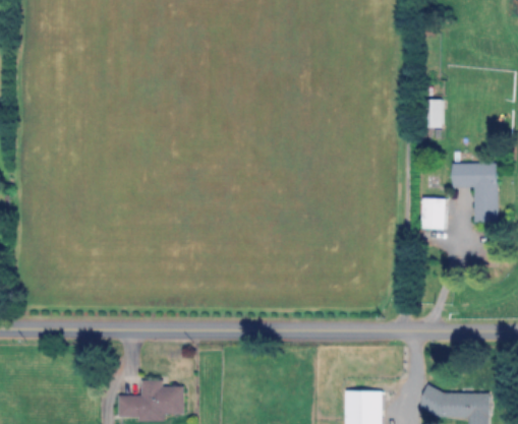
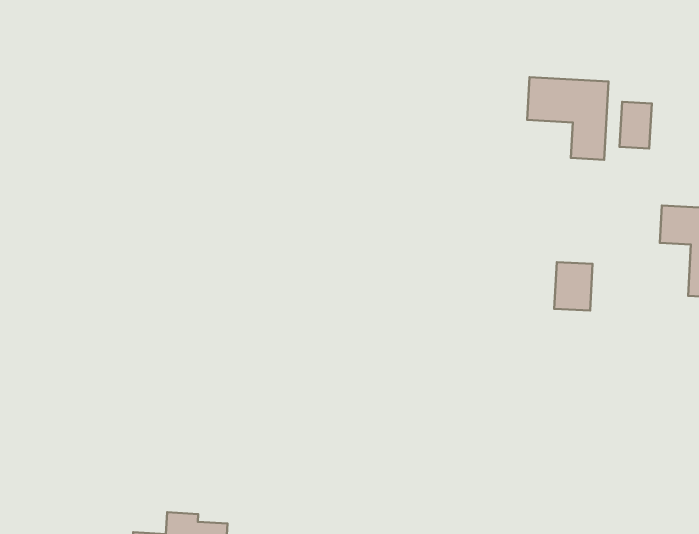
building: none -> [527,77,609,160]
building: [421,198,445,229] -> [554,262,593,311]

